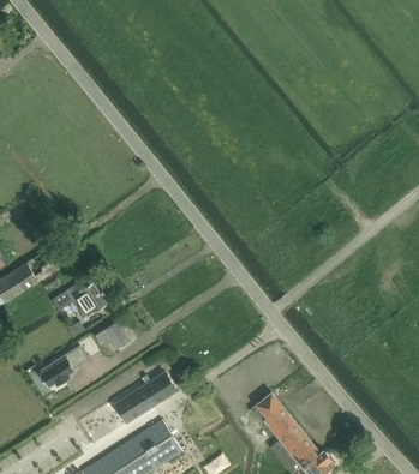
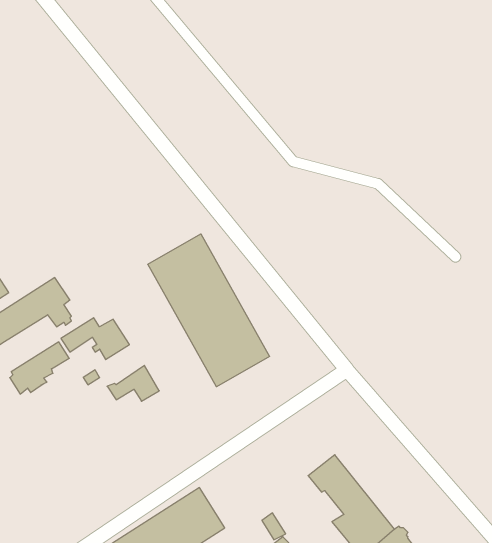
building: none -> [148,234,270,387]
building: [40,346,88,388] -> [10,342,69,394]
building: [106,371,176,424] -> none

